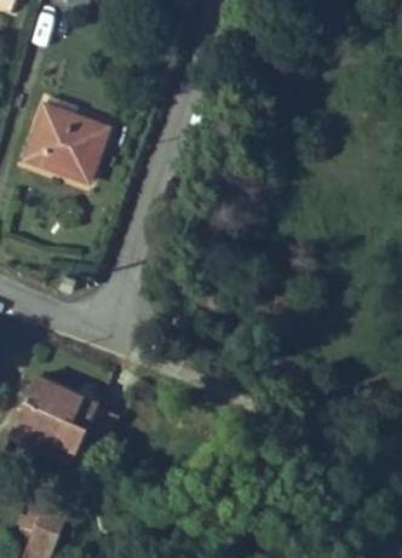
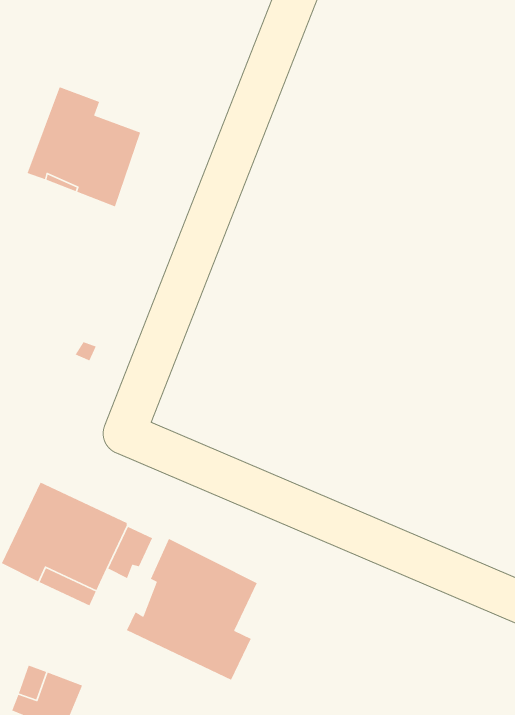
building: none -> [126,538,258,681]

